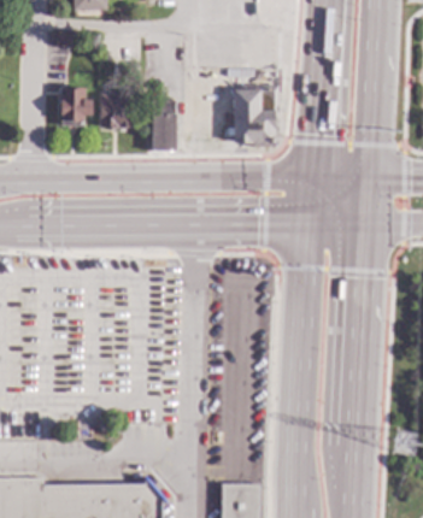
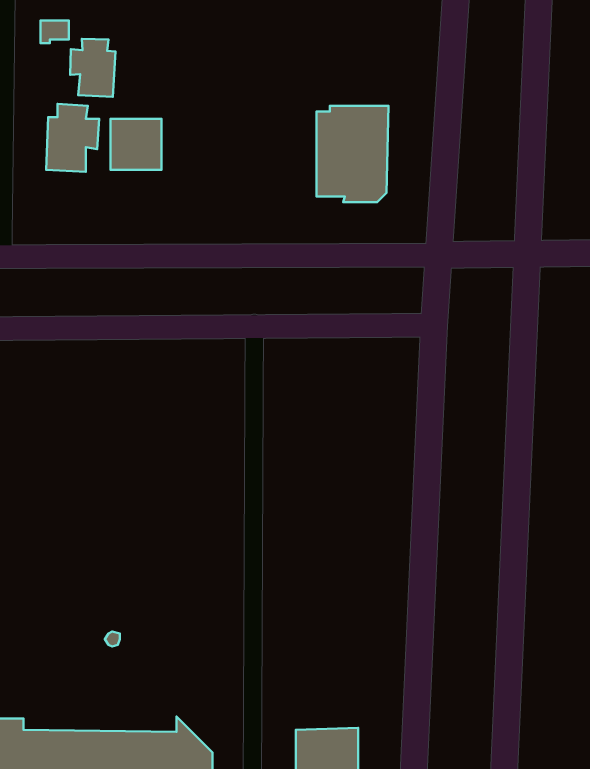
building: none -> [70,39,116,97]
building: [152,104,176,152] -> none

